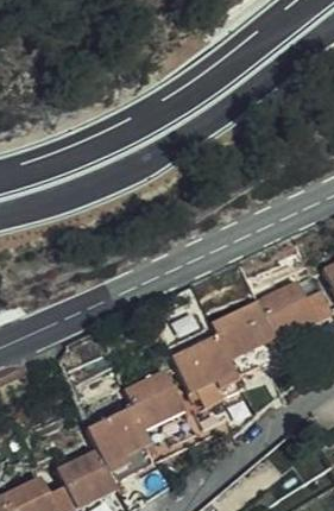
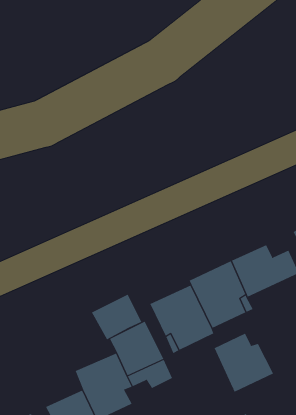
building: none -> [91,294,142,340]
building: none -> [214,333,274,392]

